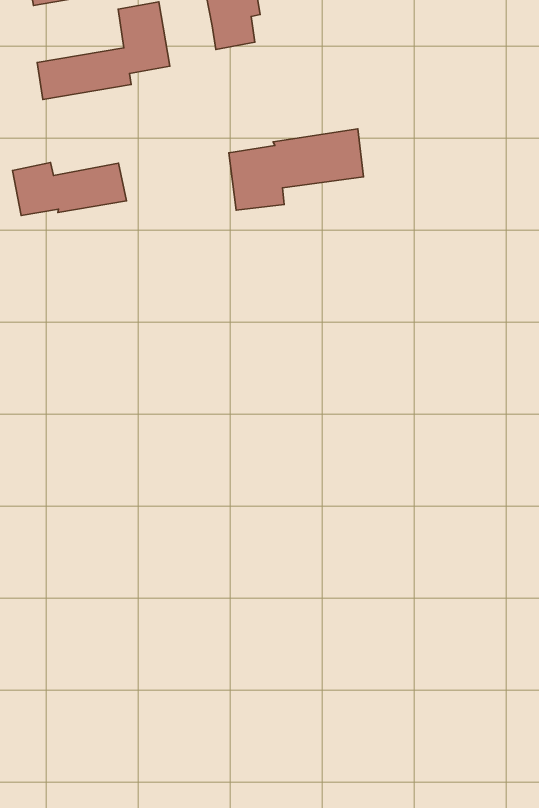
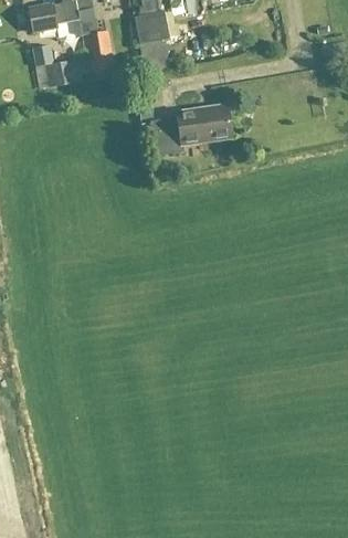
building: [12,163,126,215] -> none

